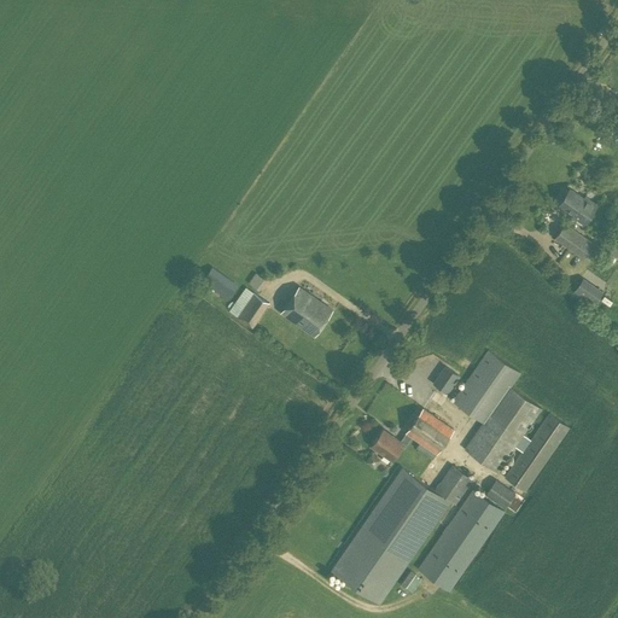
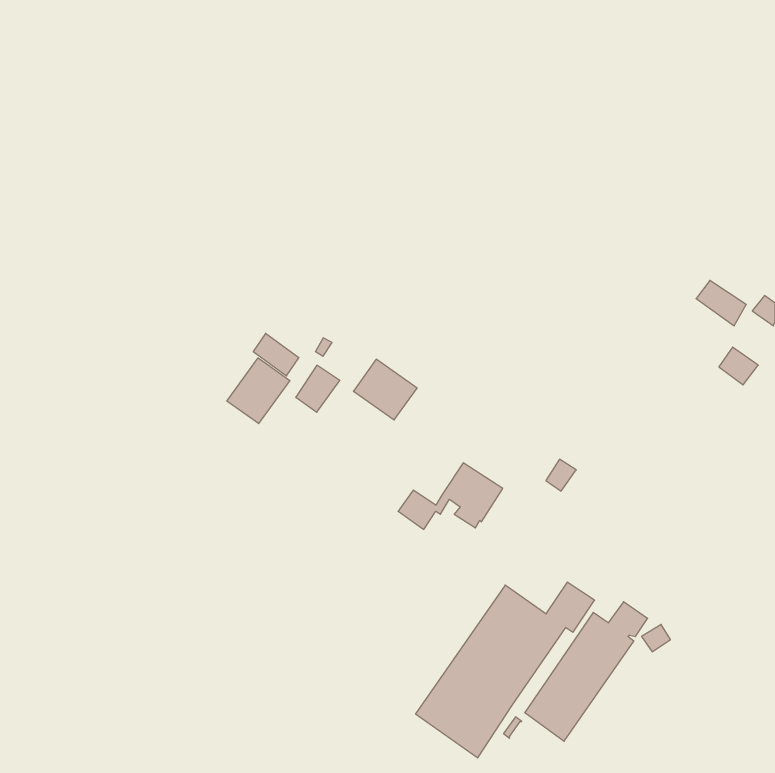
building: [558,188,596,225] -> none
building: none -> [227,358,290,424]
building: [453,351,570,492] -> none
building: [371,408,454,461] -> [398,463,503,529]

